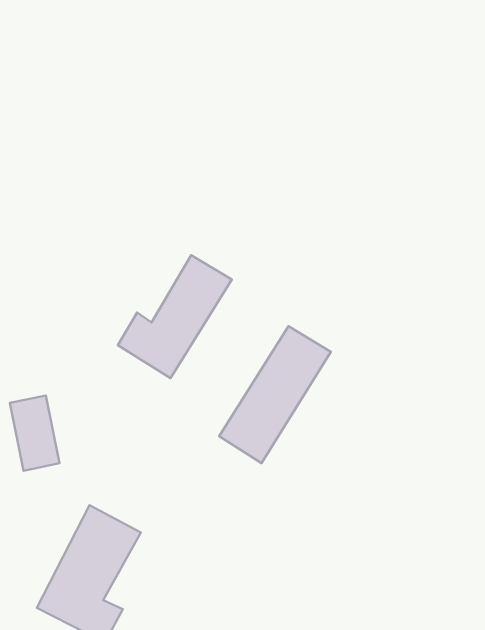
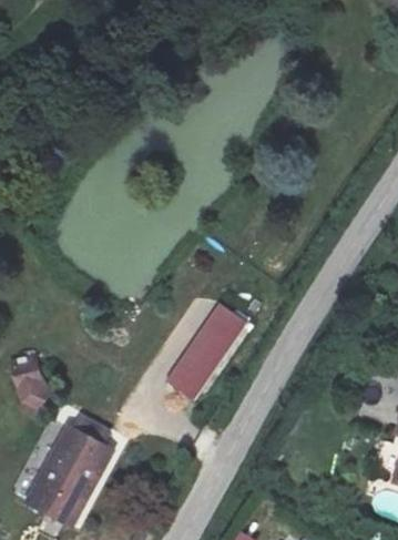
building: [118,255,232,378] -> none

